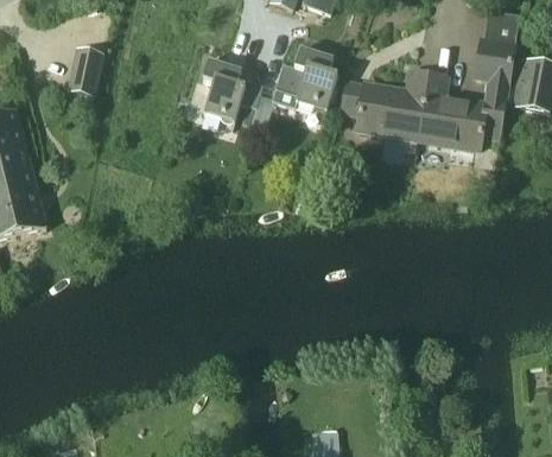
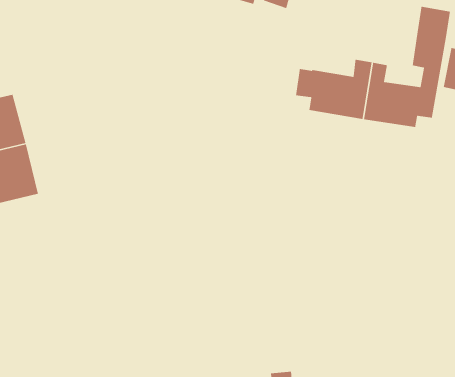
building: [68,46,106,96] -> none
building: [271,47,337,110] -> none
building: [202,58,264,122] -> none

